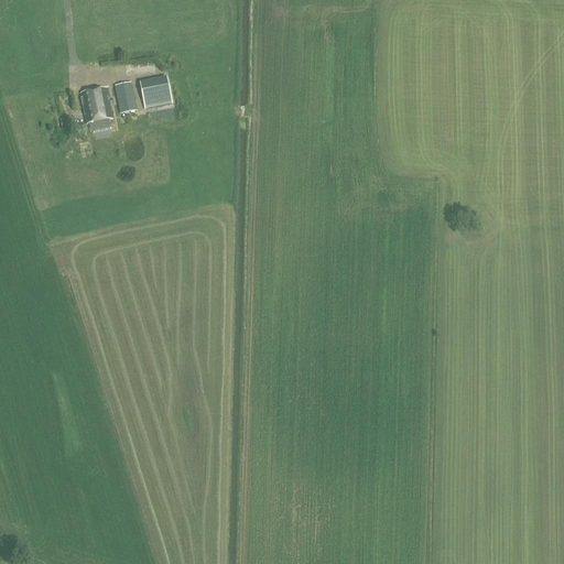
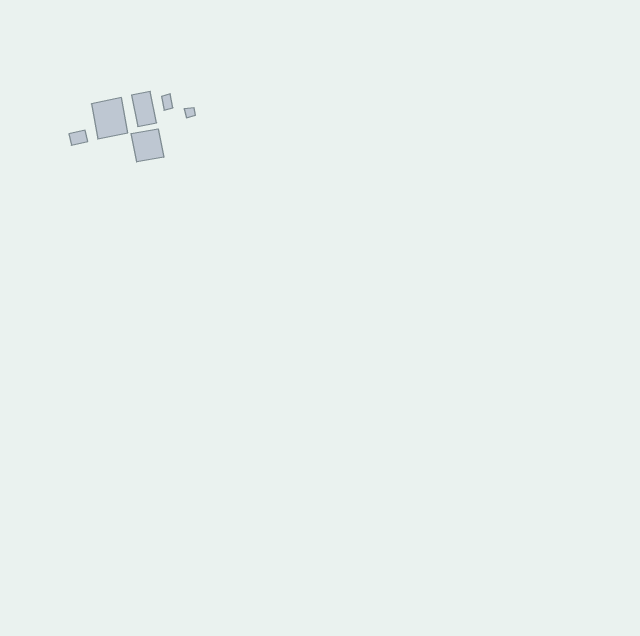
building: none -> [131,129,164,162]

